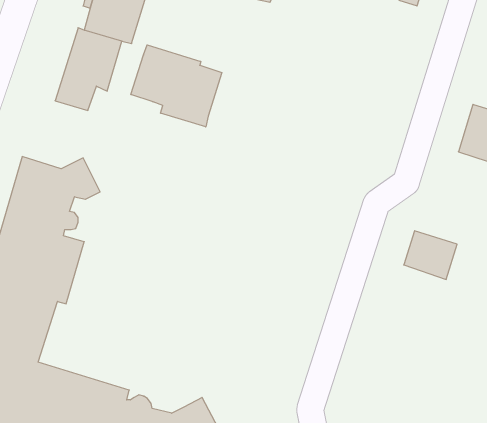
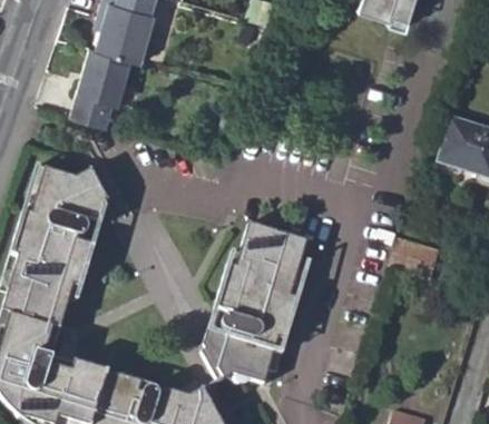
building: [131,45,222,127] -> none
building: none -> [202,223,312,384]

